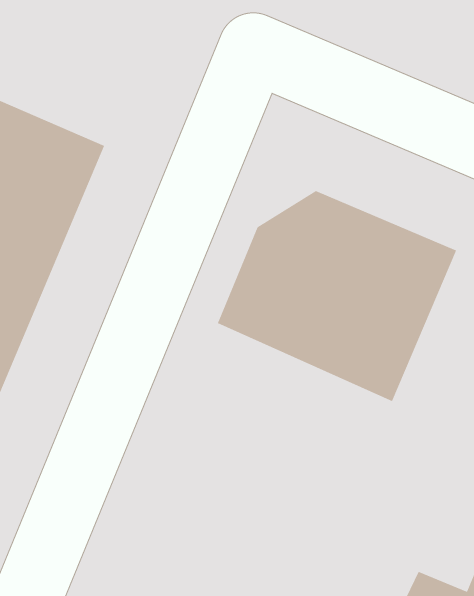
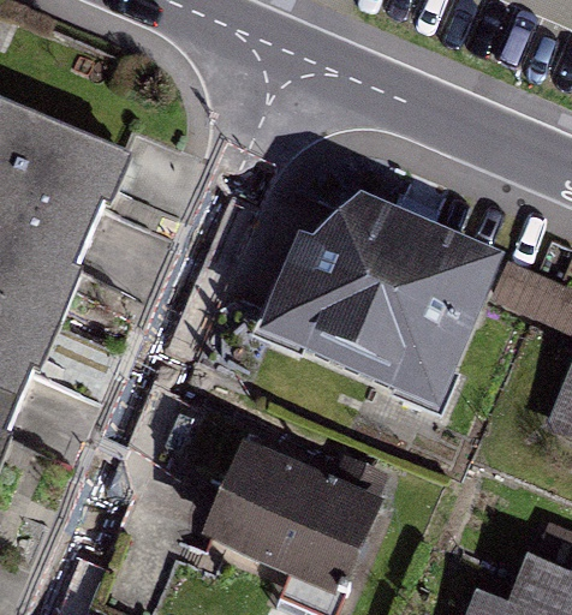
building: none -> [197,441,385,598]

